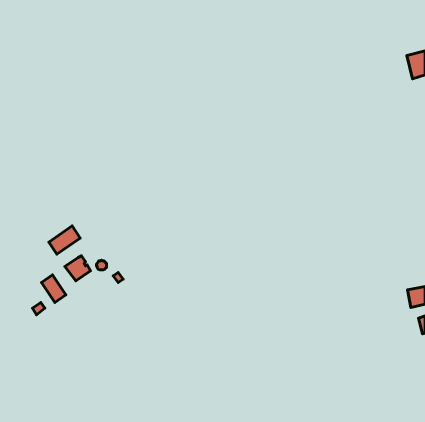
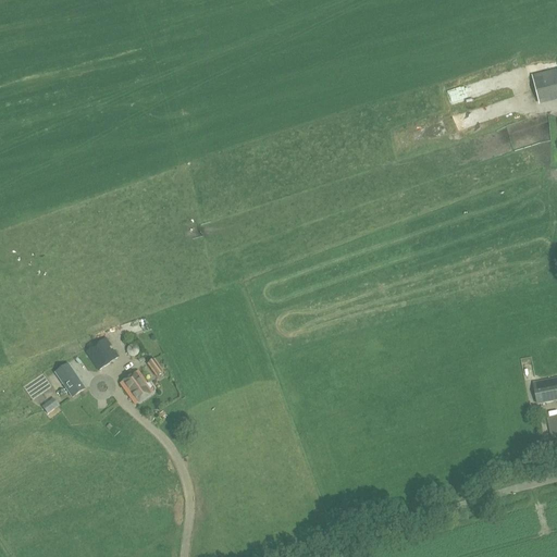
building: [49,226,80,254] -> none
building: none -> [120,369,152,403]

